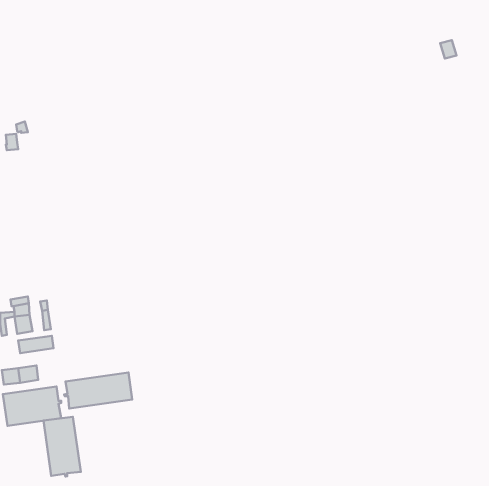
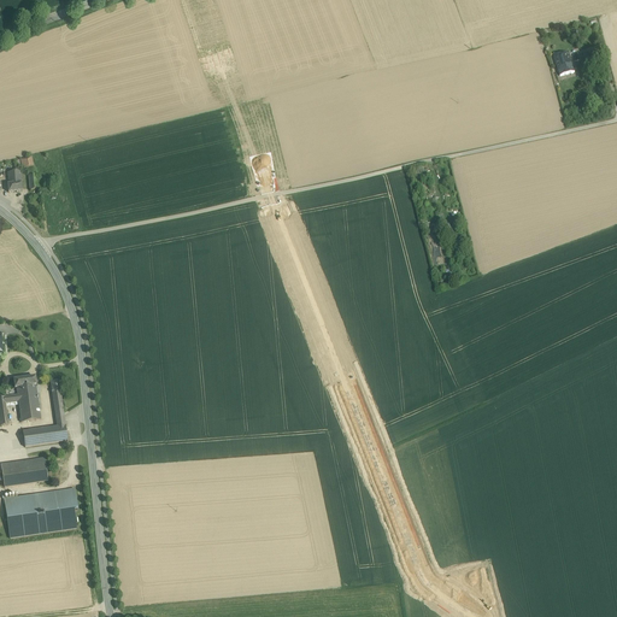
building: [64,372,132,409] -> none
building: [43,417,81,477] -> none

